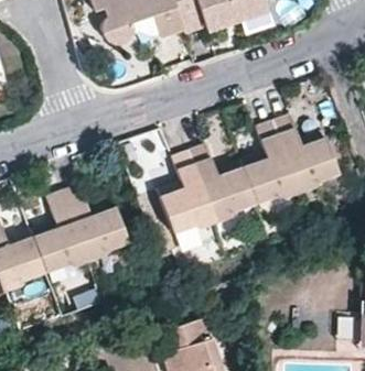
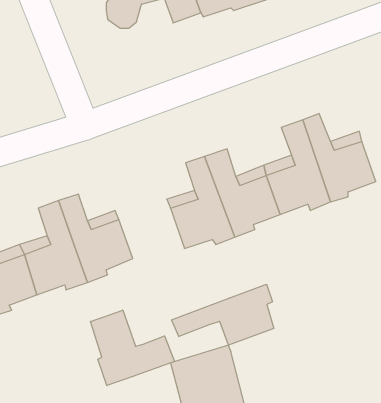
building: none -> [171,284,274,345]
building: none -> [91,310,174,386]

